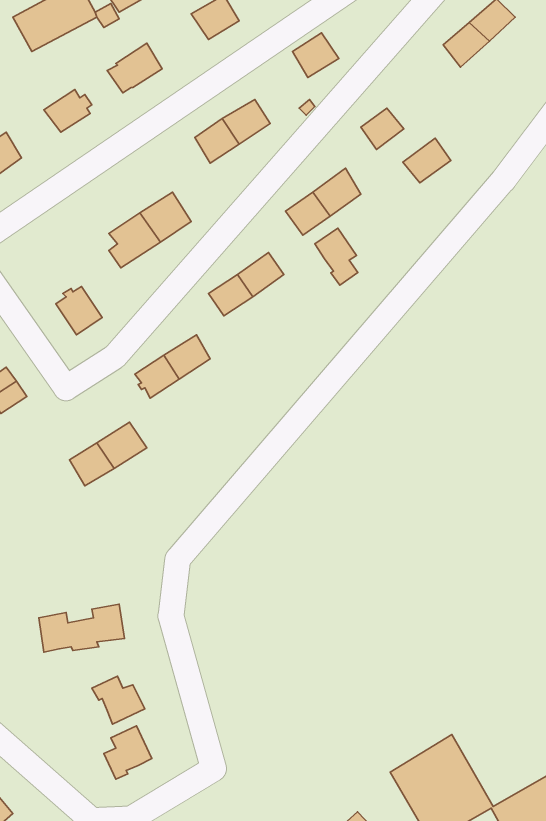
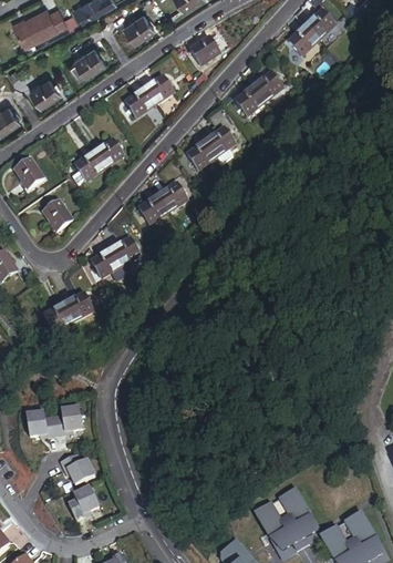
building: [403,138,451,183] -> [252,69,283,98]
building: none -> [15,160,44,190]
building: [315,228,358,285] -> none

